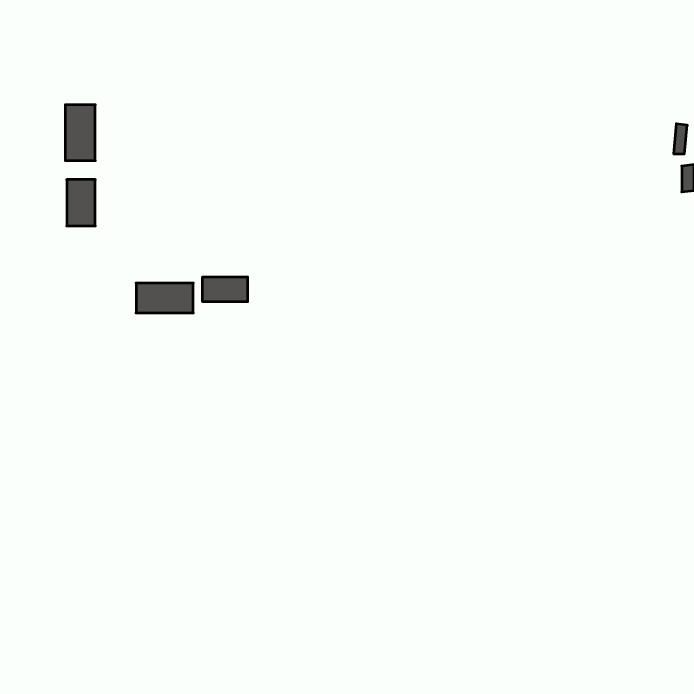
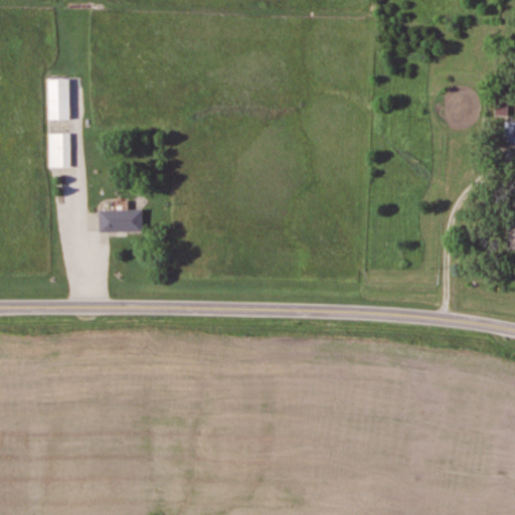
building: [203,277,248,302] -> none

